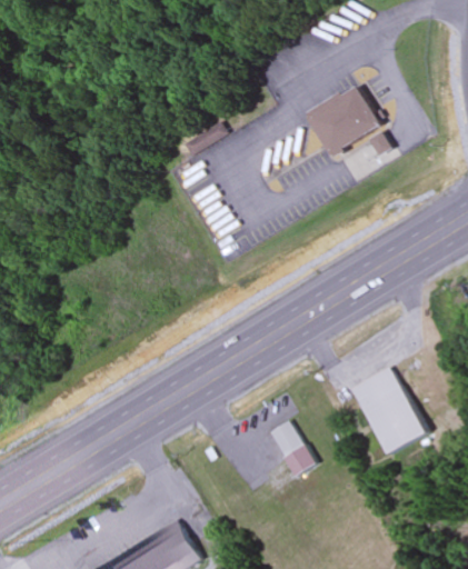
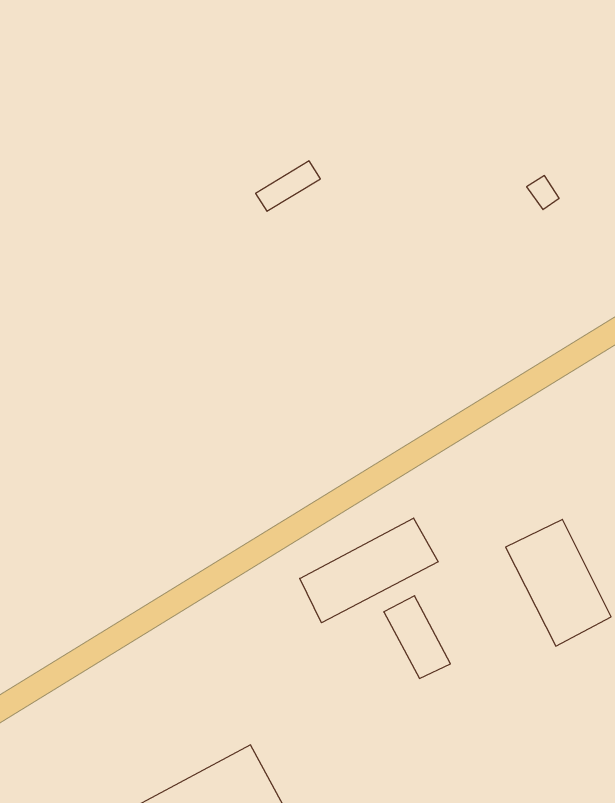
building: [307,82,382,156] -> none
building: none -> [300,518,438,623]

